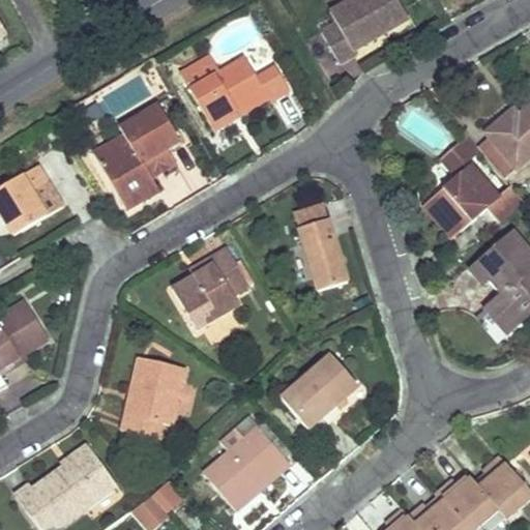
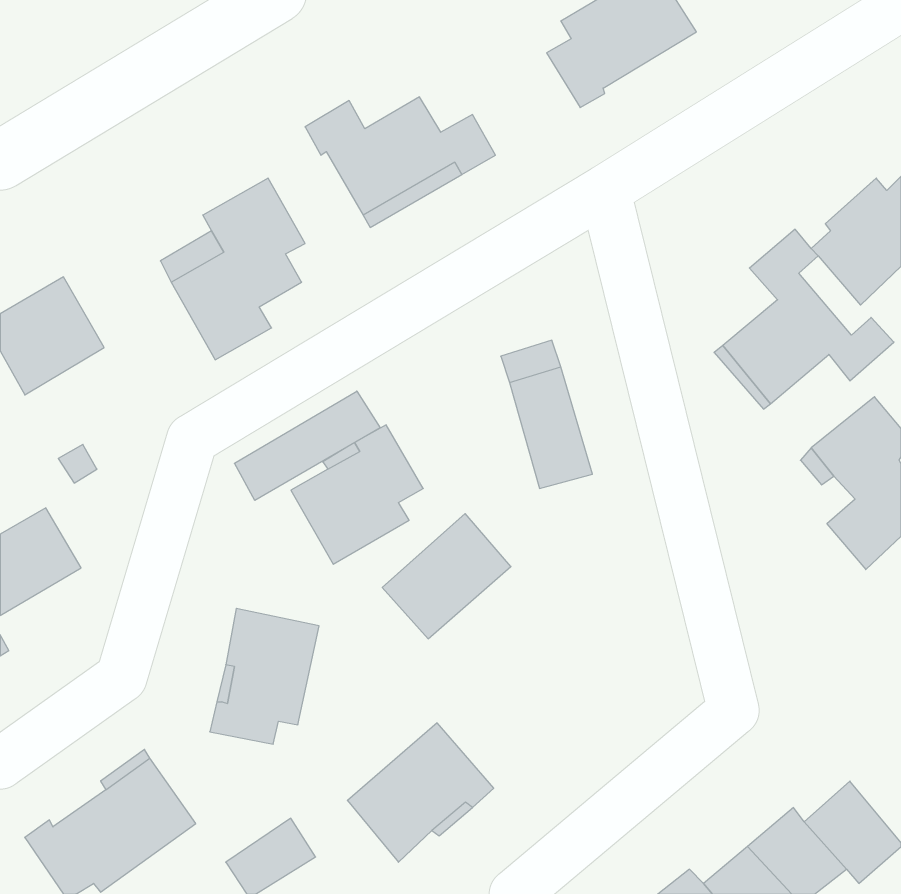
building: none -> [234,391,380,500]
building: [284,356,359,430] -> [382,514,511,639]

